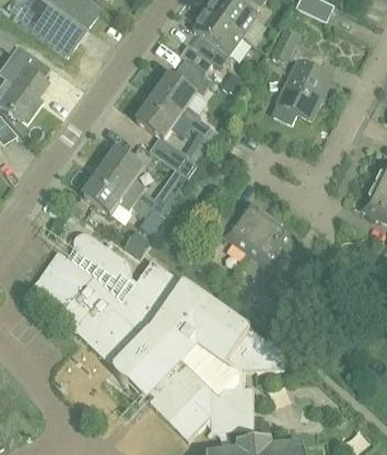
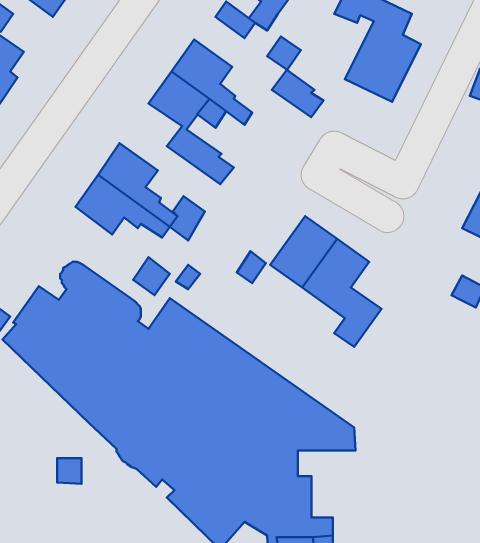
building: [175,58,212,92] -> [272,70,323,117]

